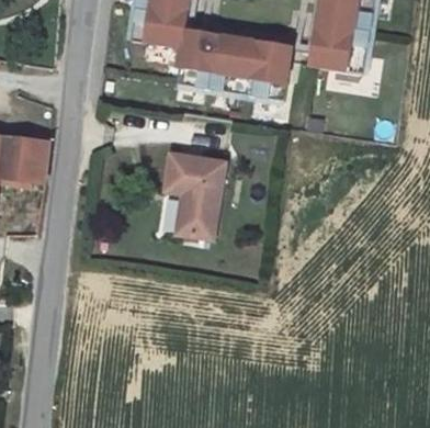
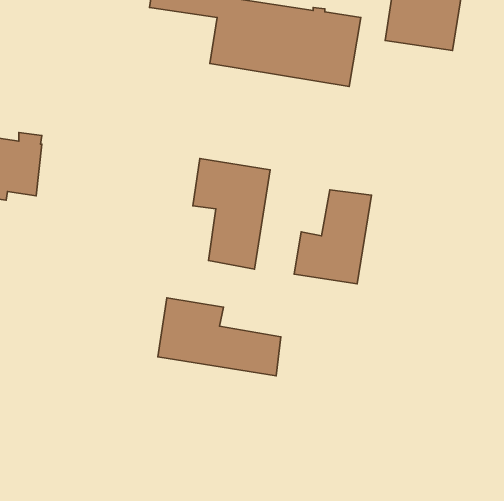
building: none -> [294,190,371,284]
building: none -> [158,298,281,376]

